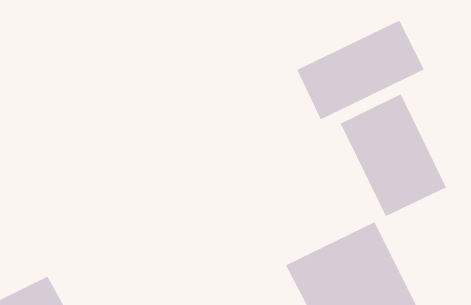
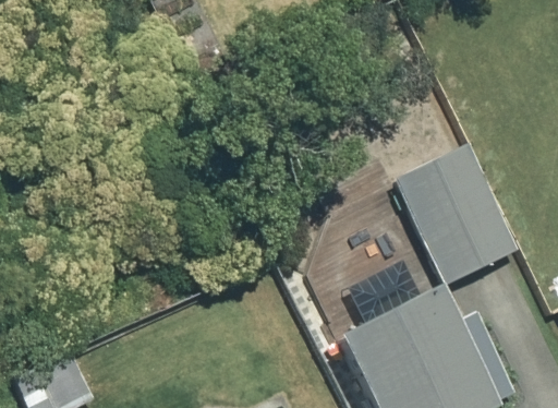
building: [296,20,424,120] -> none

